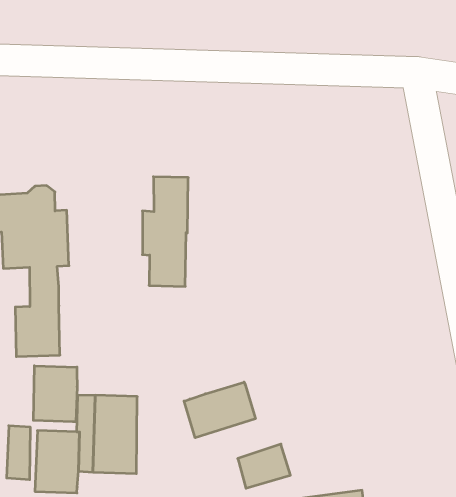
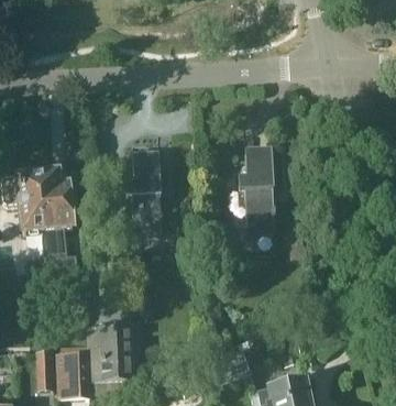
building: none -> [239,150,275,230]
building: [33,366,77,422] -> none
building: [184,382,255,438] -> none

